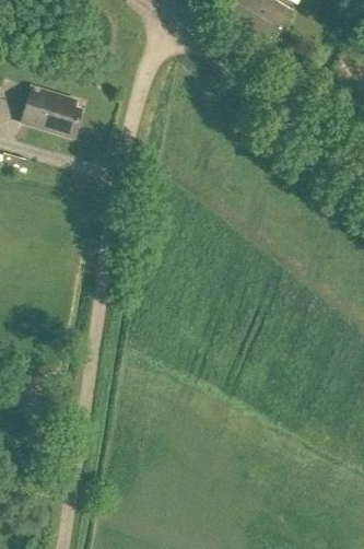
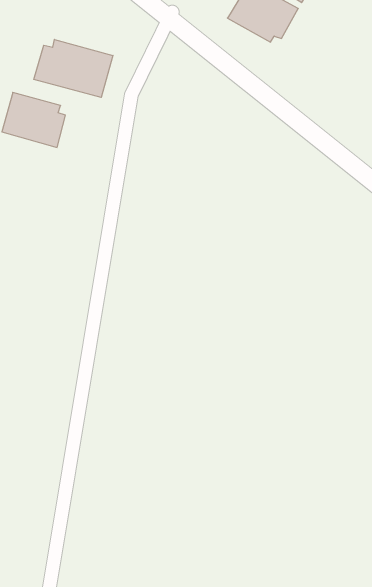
building: none -> [34,39,113,97]

